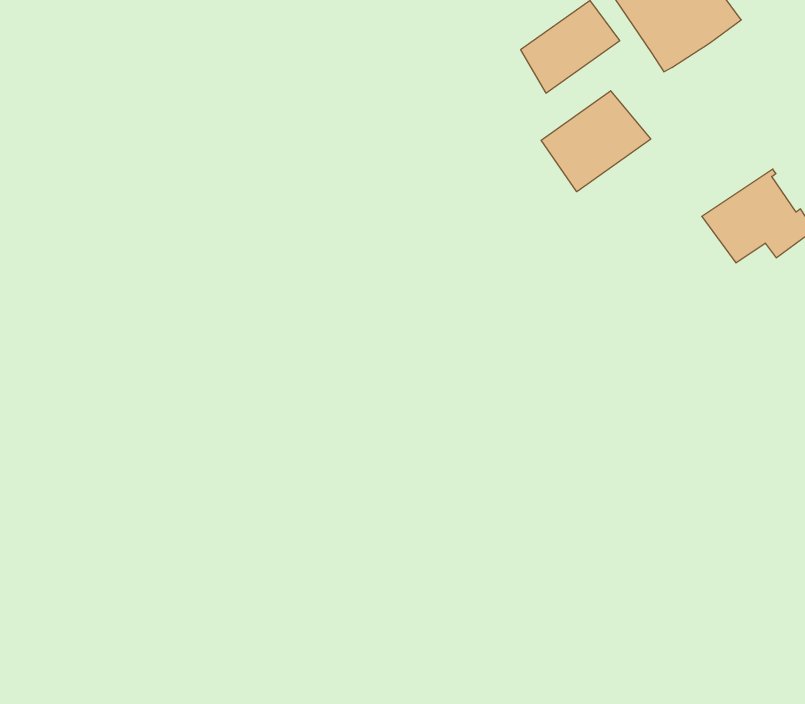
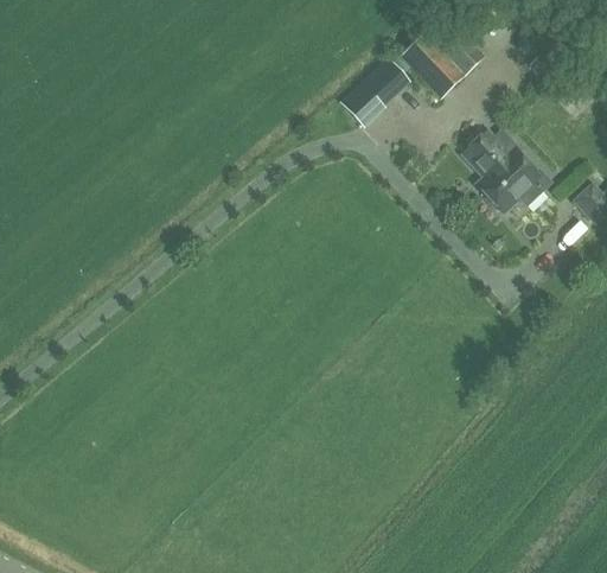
building: [541,91,651,192] -> none
building: none -> [464,132,517,177]

